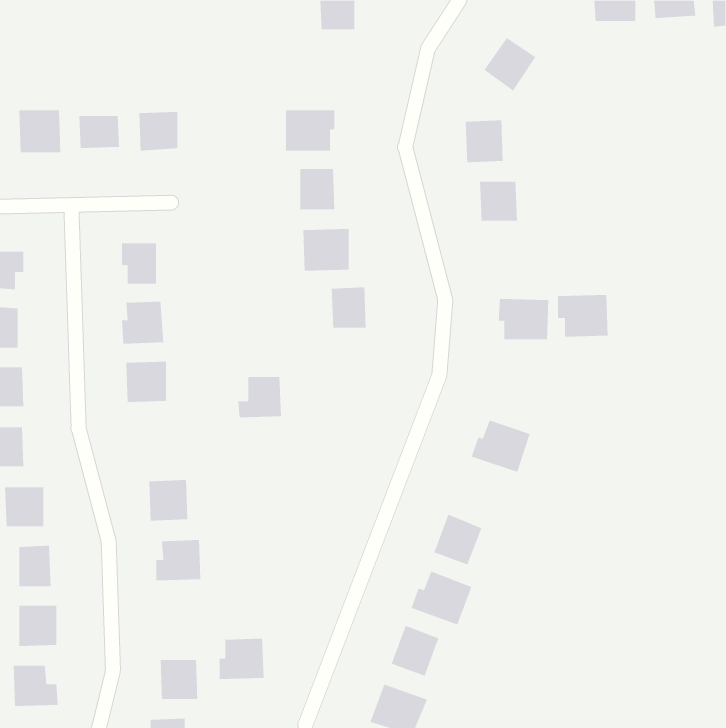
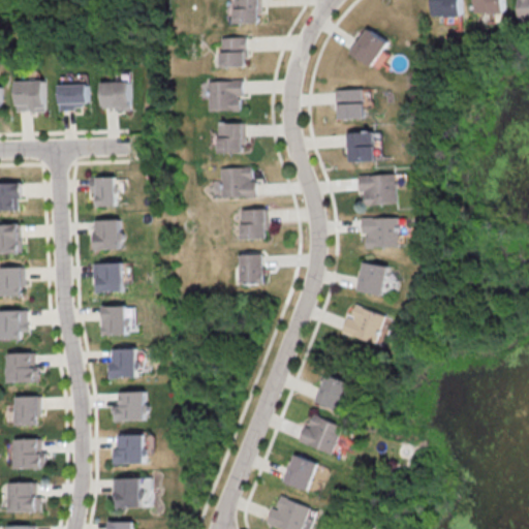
building: none -> [219,37,246,67]
building: [557,294,608,337] -> [359,174,396,205]
building: none -> [356,261,387,294]
building: [238,377,282,418] -> [230,254,262,284]
building: none -> [99,306,125,336]
building: [219,638,264,679] -> [114,434,147,464]

